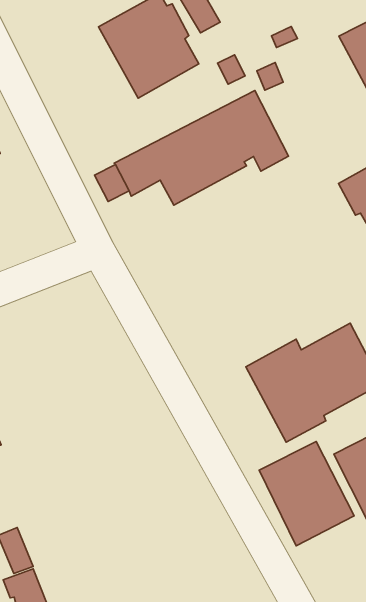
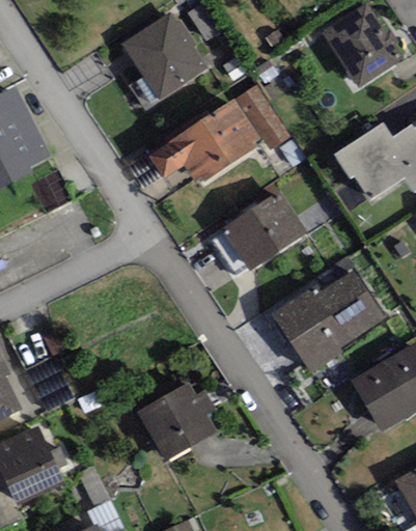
building: none -> [222,191,307,271]
building: none -> [138,384,215,459]
building: [259,441,354,546] -> none

